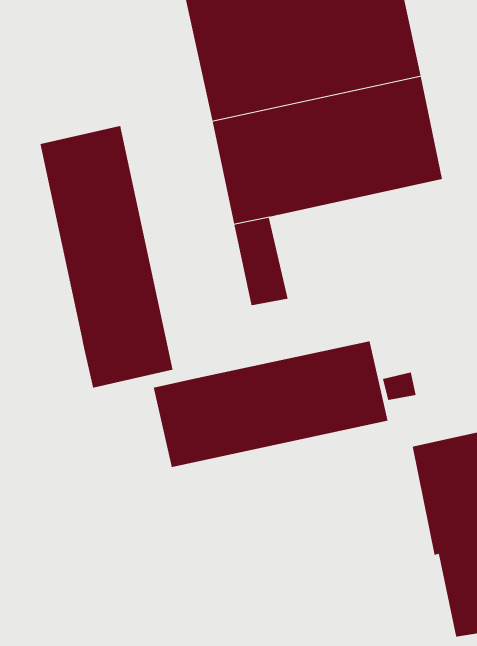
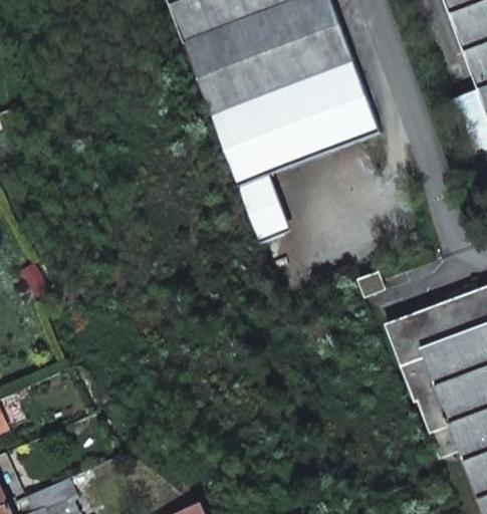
building: [40,125,173,388] -> none
building: [153,341,388,468] -> none

